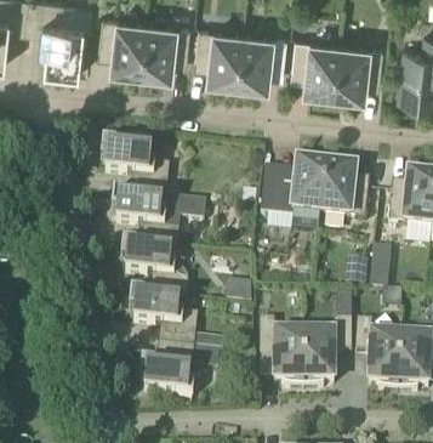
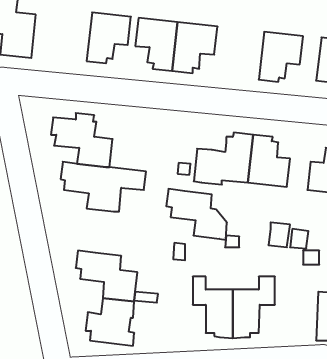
building: [99,19,147,79] -> none
building: [292,41,340,100] -> none
building: [120,242,188,299] -> [166,189,227,240]
building: [355,320,400,392] -> none

